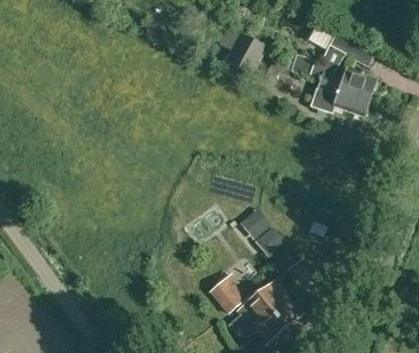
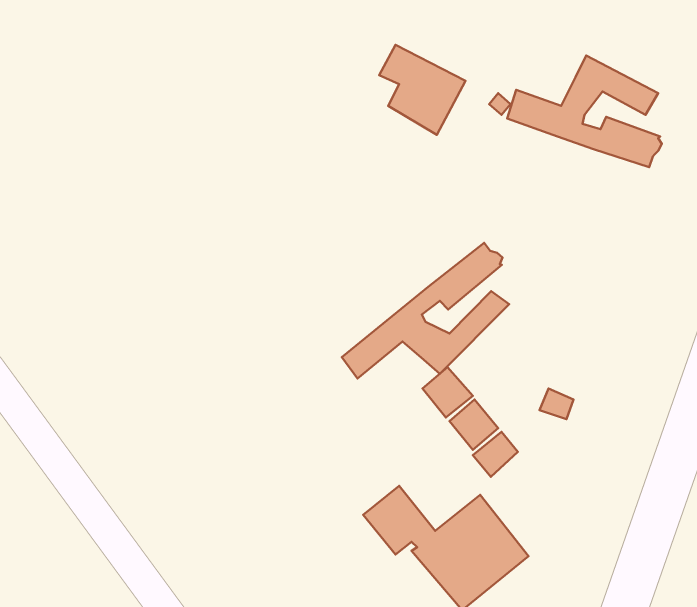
building: [308,79,370,116] -> none
building: none -> [342,243,509,378]

